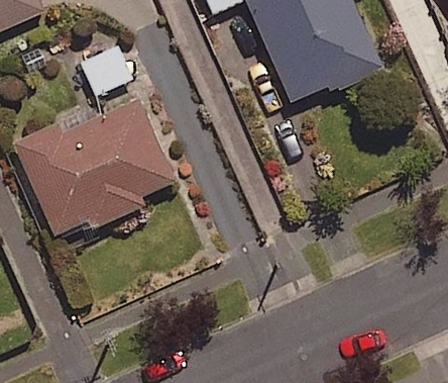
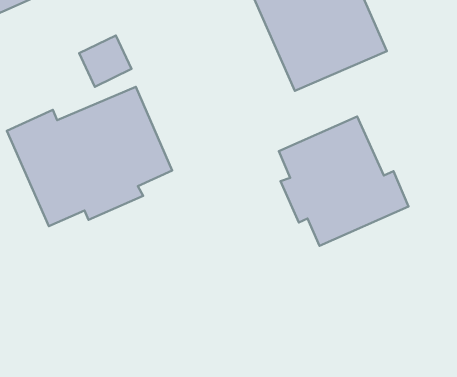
building: none -> [279,117,408,246]

